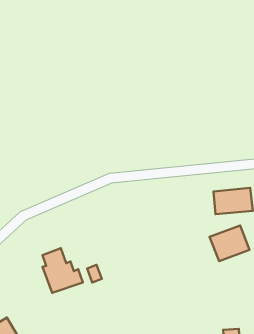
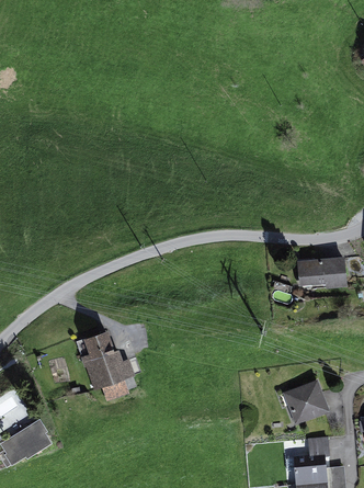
building: [209,225,250,261] -> [283,375,333,420]

